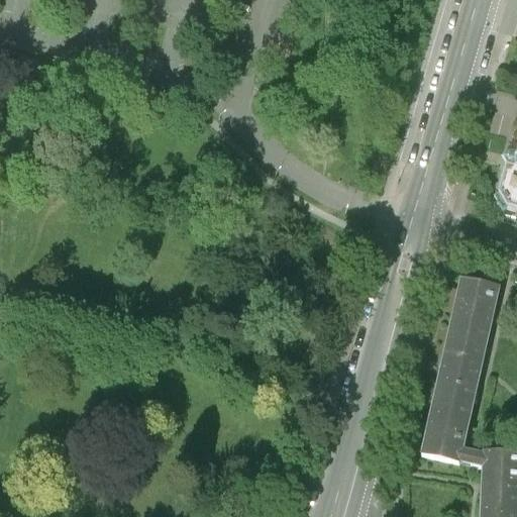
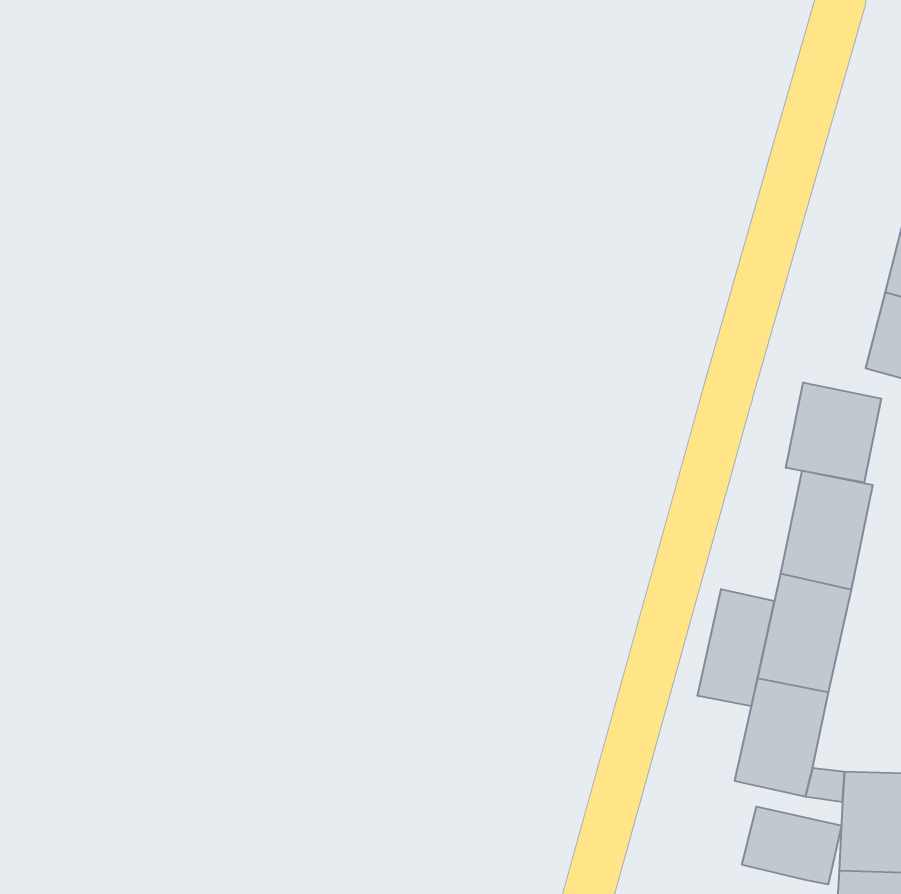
building: none -> [786,382,881,483]
building: none -> [698,589,774,706]
building: none -> [742,807,841,884]

